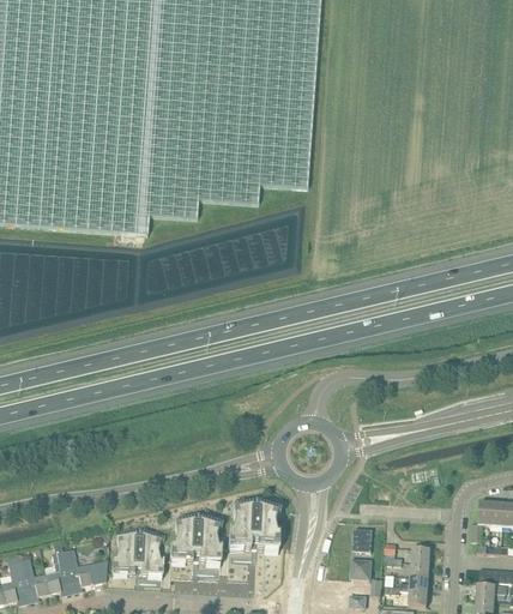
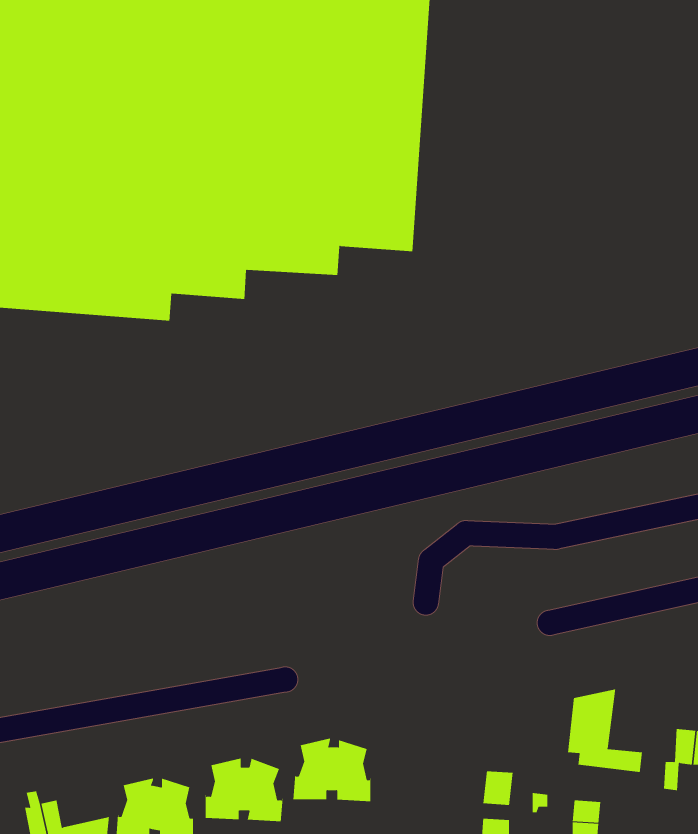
building: none -> [568,689,643,773]

